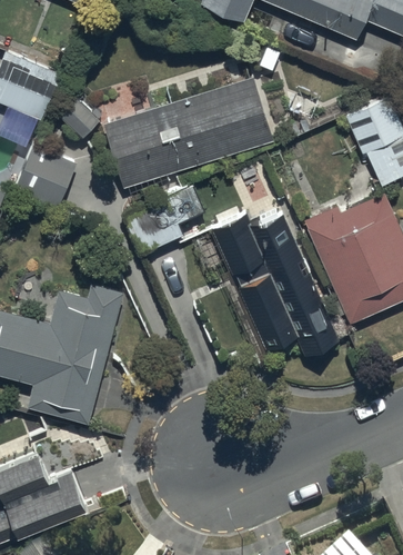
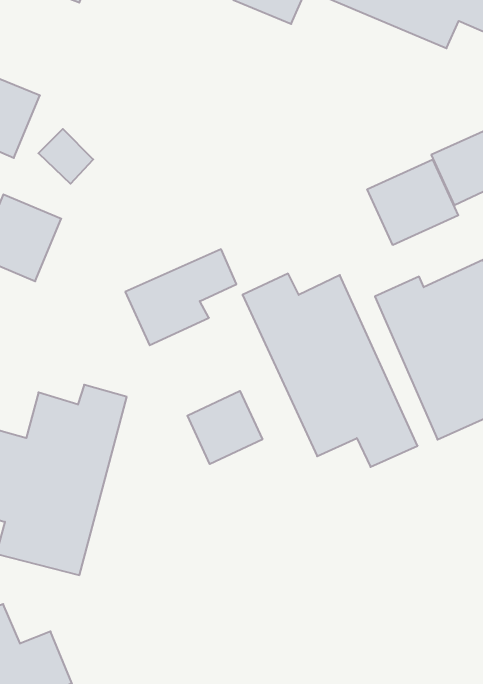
building: [103,78,273,187] -> none
building: none -> [367,160,458,245]
building: none -> [187,391,262,464]

